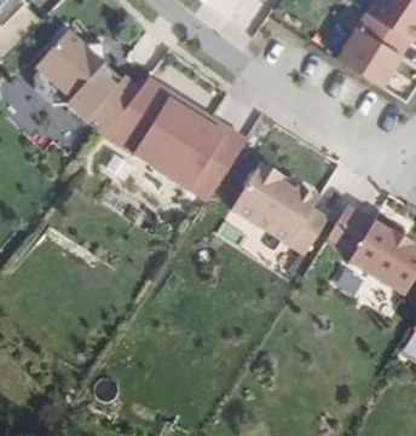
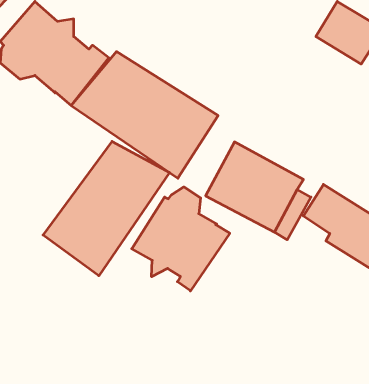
building: none -> [43,141,169,276]
building: none -> [132,187,230,291]

